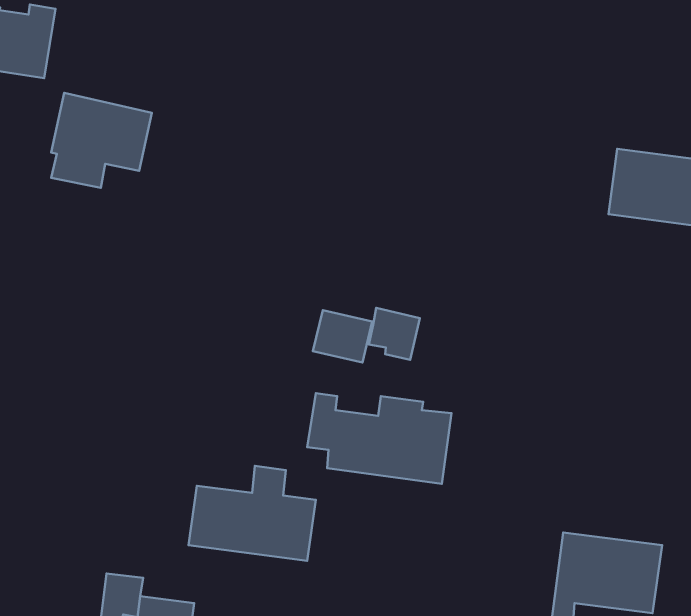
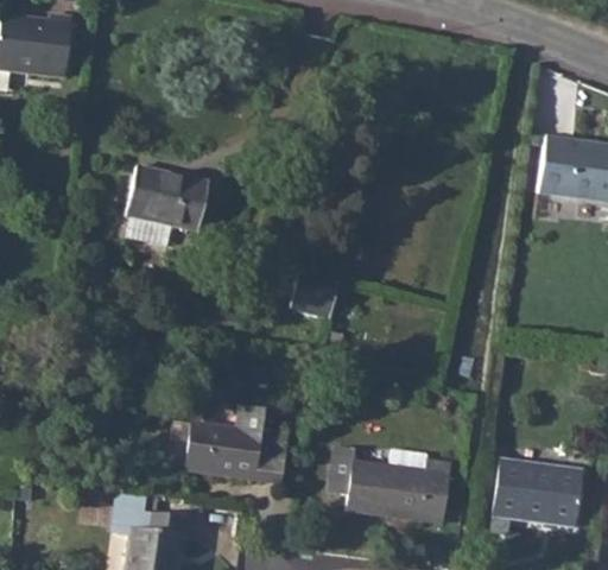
building: [51,93,152,188] -> [125,165,209,245]
building: [369,308,420,360] -> none
building: [307,393,452,484] -> [329,446,450,522]

